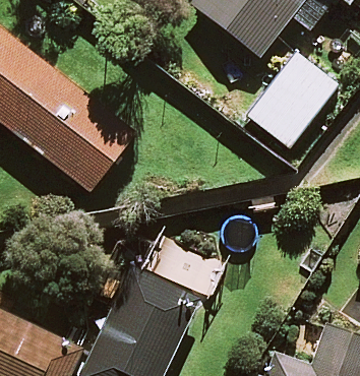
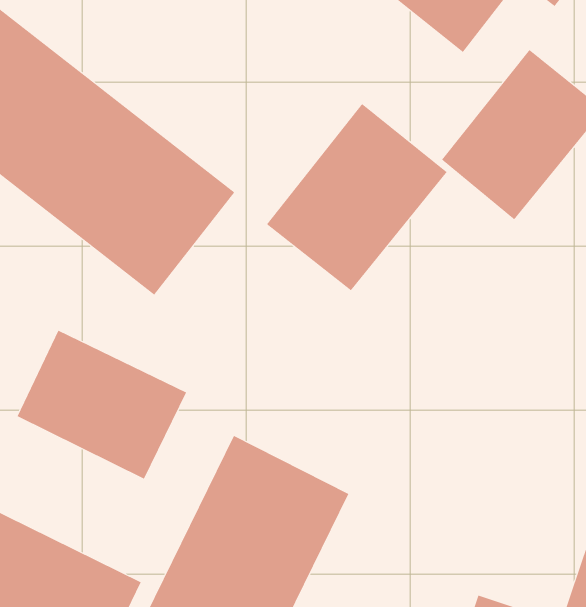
building: none -> [266,103,448,291]
building: none -> [17,330,187,479]

